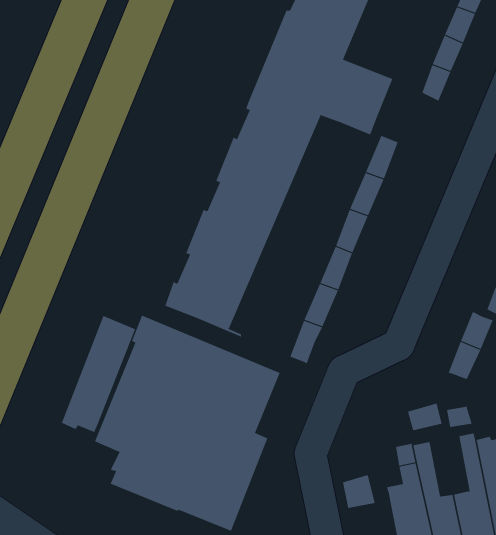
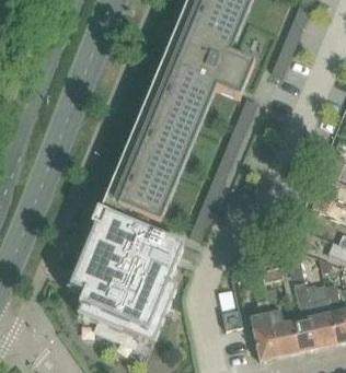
building: [61,315,136,433] -> none

